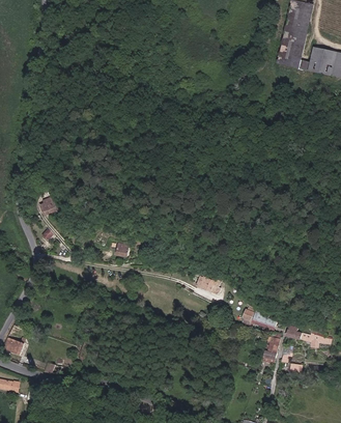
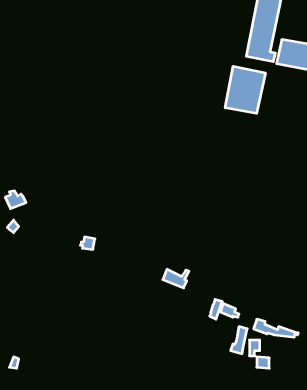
building: none -> [225,66,265,113]

